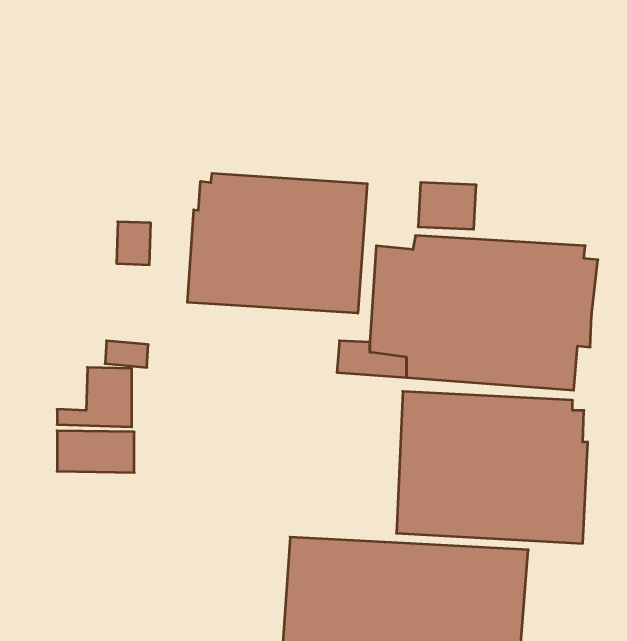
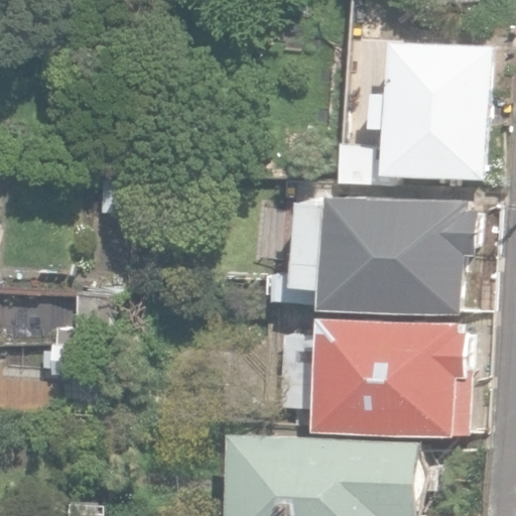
building: none -> [368,42,488,180]
building: [187,173,367,313] -> none

